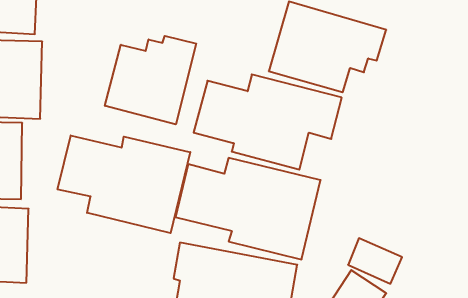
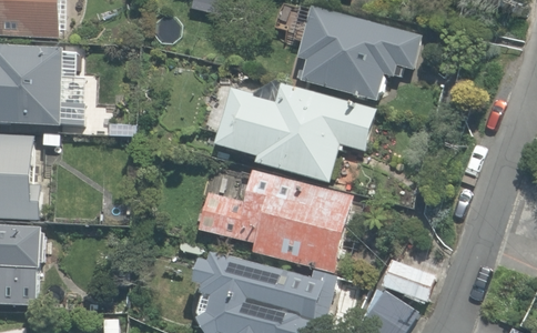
building: [105,36,196,124] -> none
building: [58,135,190,233] -> none

